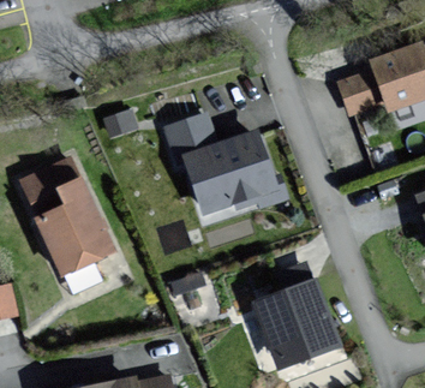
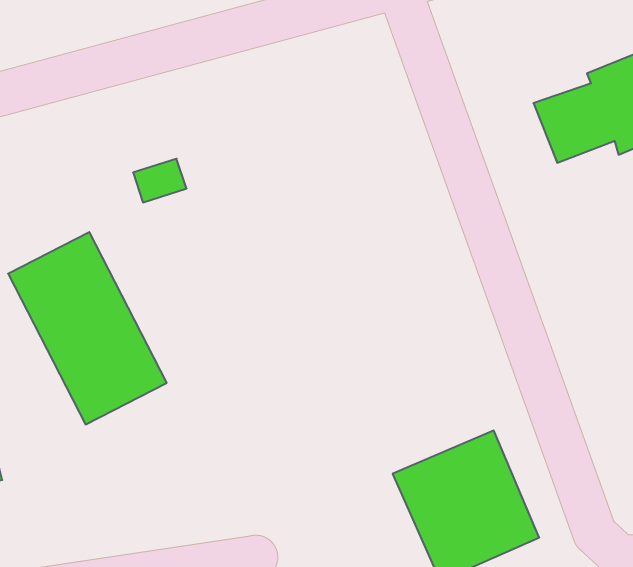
building: [161,112,291,217] -> none

